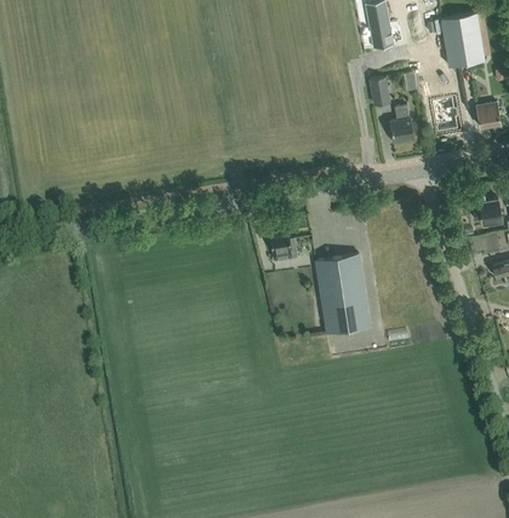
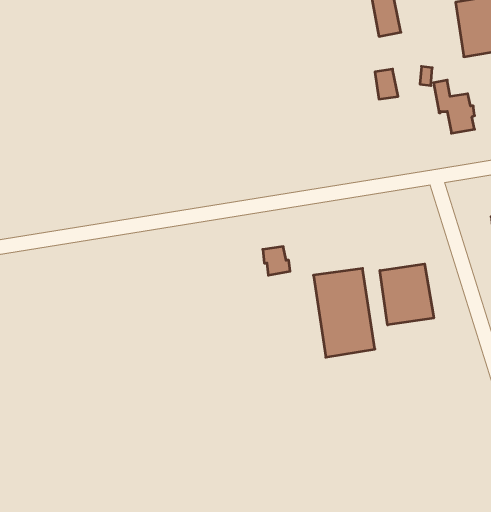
building: [389,105,413,142] -> none
building: none -> [380,264,434,325]

